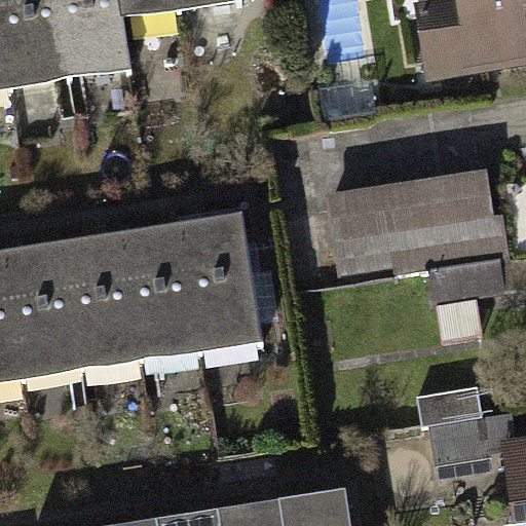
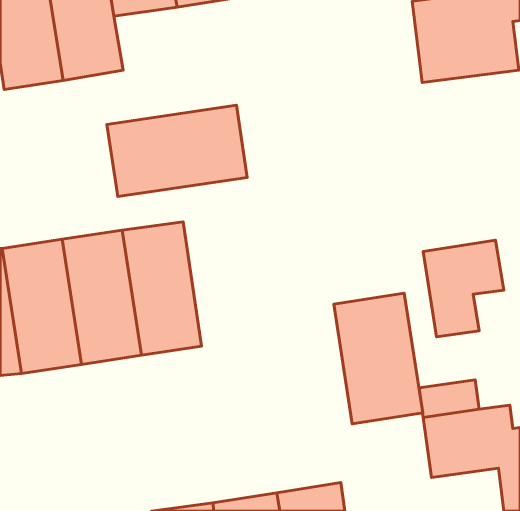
building: none -> [107,105,247,197]
building: [324,171,500,269] -> none
building: [185,215,264,349] -> none
building: none -> [334,293,423,424]

